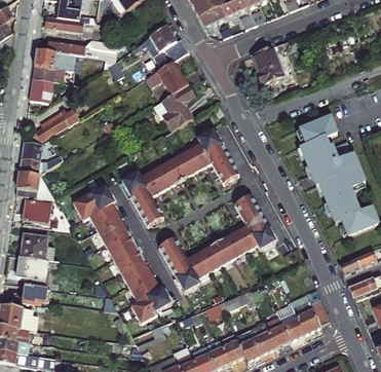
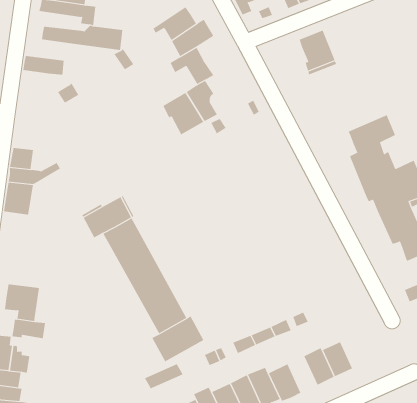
building: [30,52,65,72] -> none
building: [25,80,49,104] -> none
building: [26,111,75,144] -> none
building: [125,127,246,228] -> none
building: [163,194,283,293] -> none
building: [20,203,48,227] -> none
building: [15,236,43,262] -> none
building: [293,295,328,330] -> none
building: [250,320,274,350] -> none

